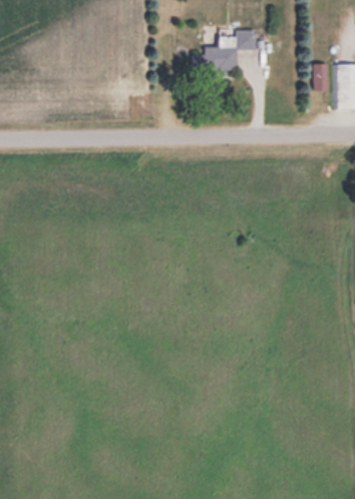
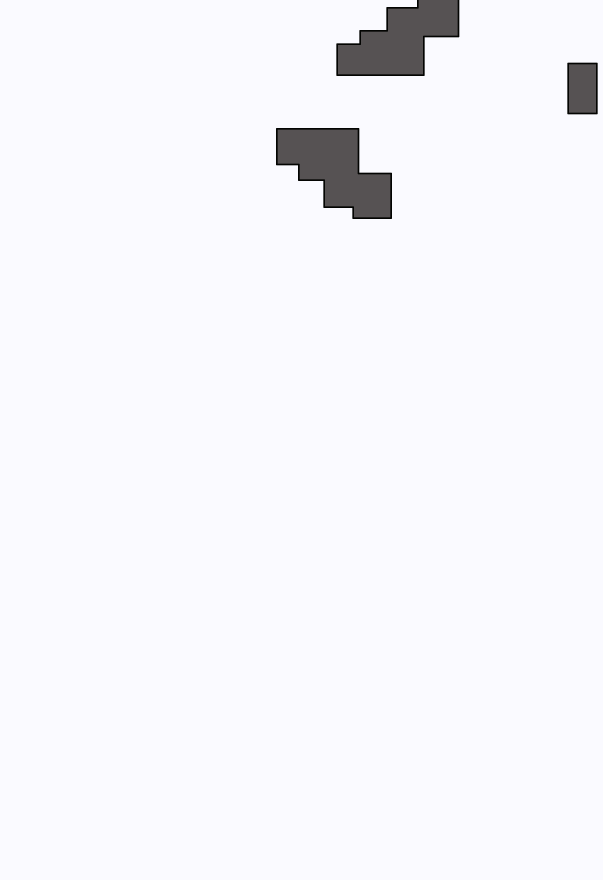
building: none -> [277,129,391,218]

